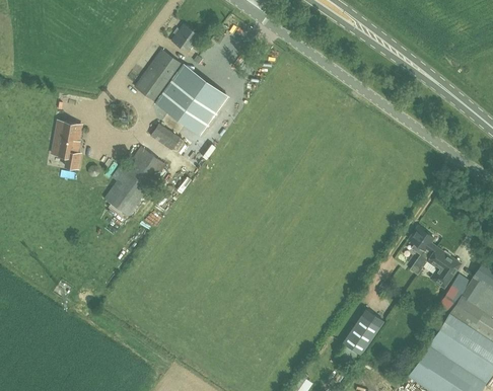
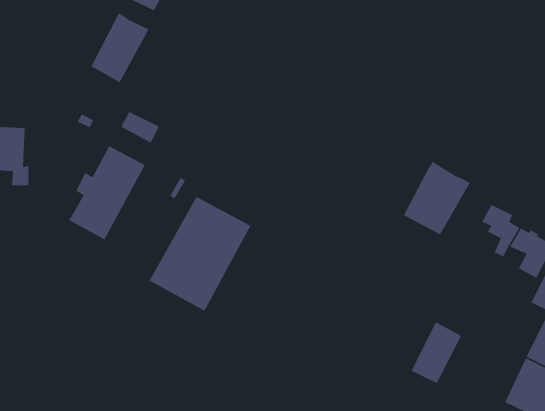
building: [160,75,217,131] -> none
building: none -> [403,161,471,236]
building: none -> [149,196,251,312]

